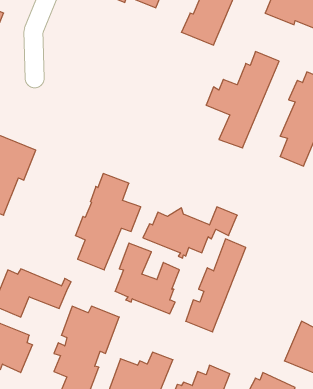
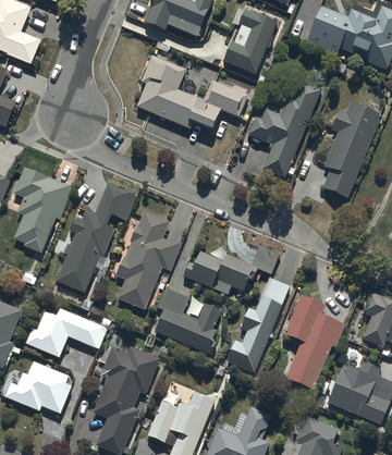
building: none -> [137,60,248,136]
building: none -> [57,182,137,290]
building: none -> [285,288,344,386]

